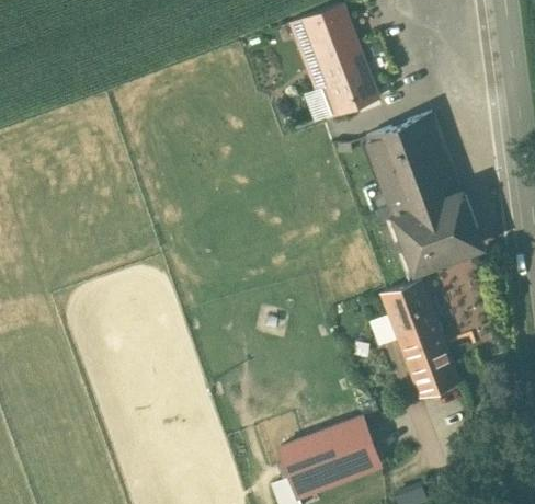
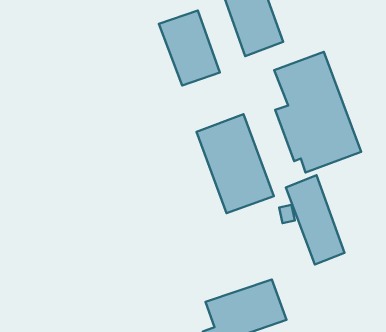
building: none -> [159,11,220,86]
building: none -> [196,114,274,213]

